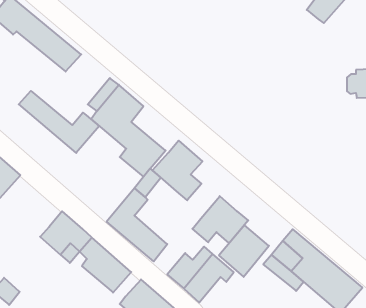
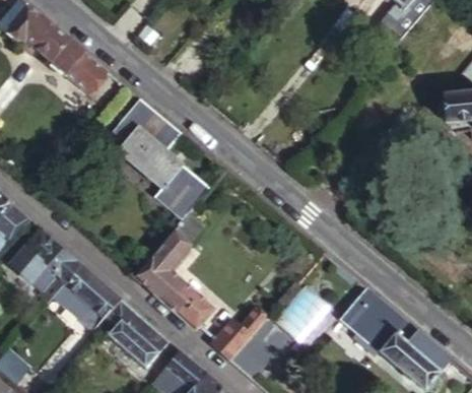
building: [19,91,99,153] -> none
building: [152,141,202,200] -> none
building: none -> [12,231,81,303]
building: [192,196,248,243] -> none

